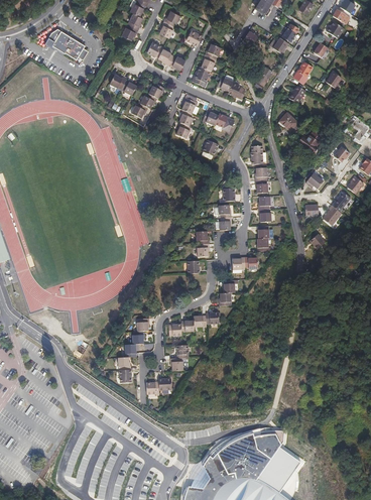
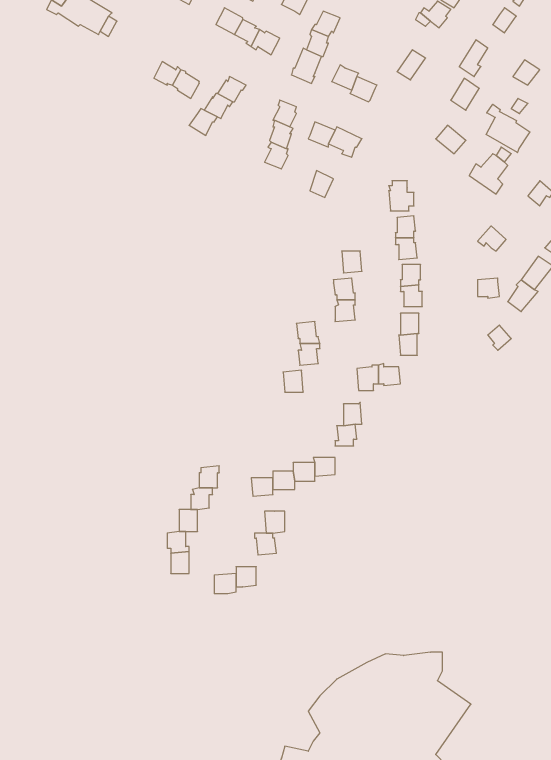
building: none -> [486,104,530,153]

